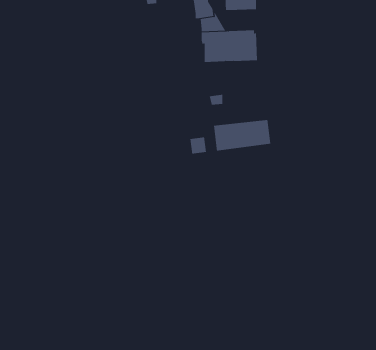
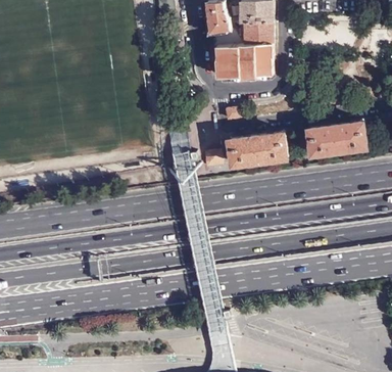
building: none -> [242,25,272,48]
building: none -> [307,124,365,155]

